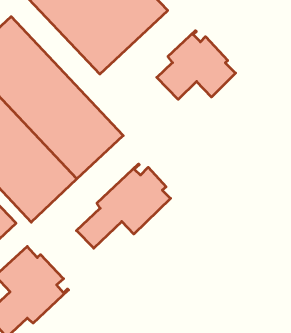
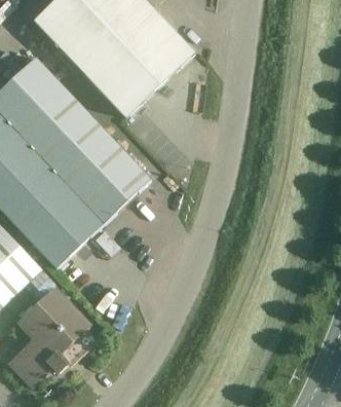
building: [157,31,236,99] -> none
building: [76,164,171,248] -> none

